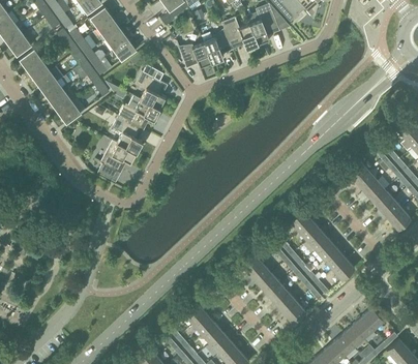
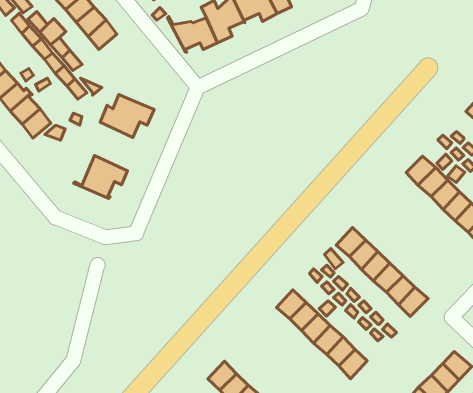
building: [136,66,169,111] -> none
building: [113,117,143,155] -> none

